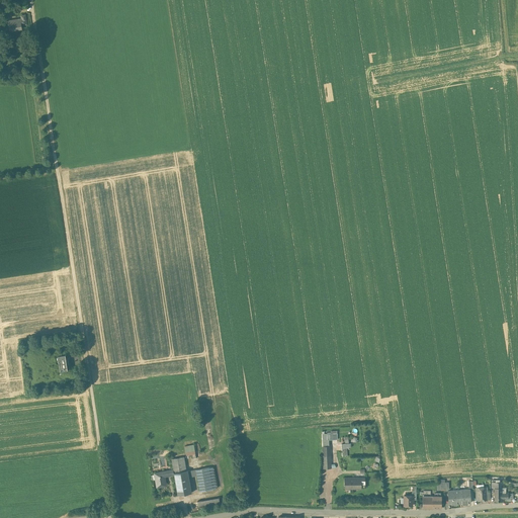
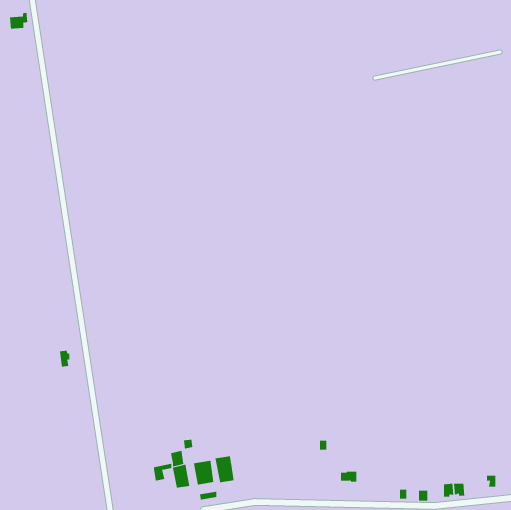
building: none -> [215,455,234,483]

